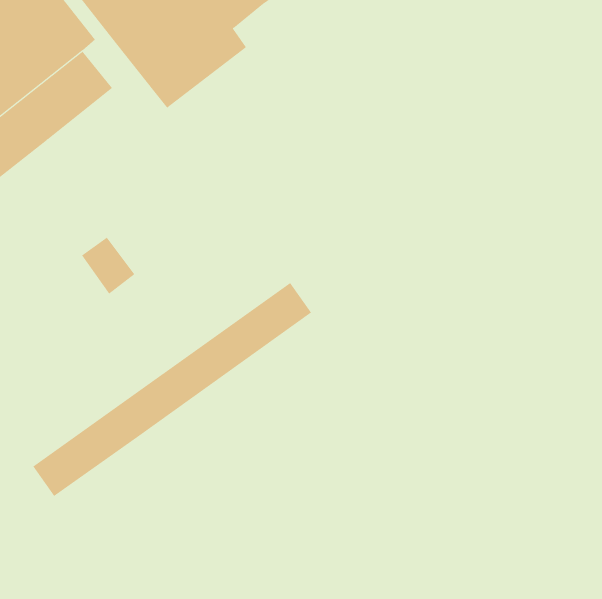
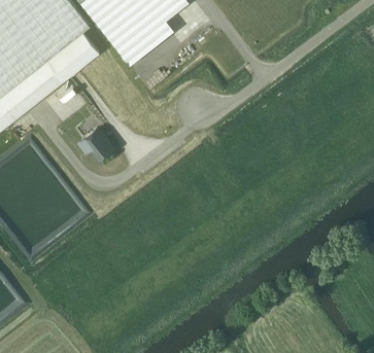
building: [33,282,312,497] -> none

